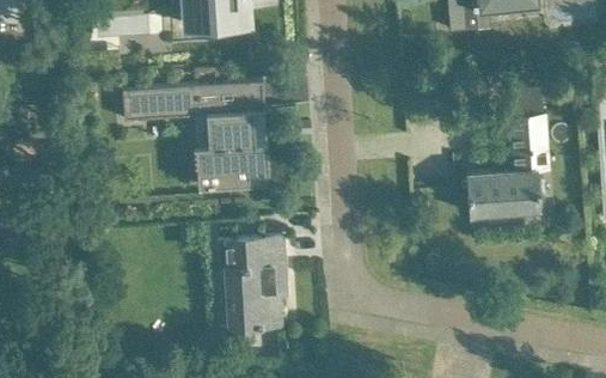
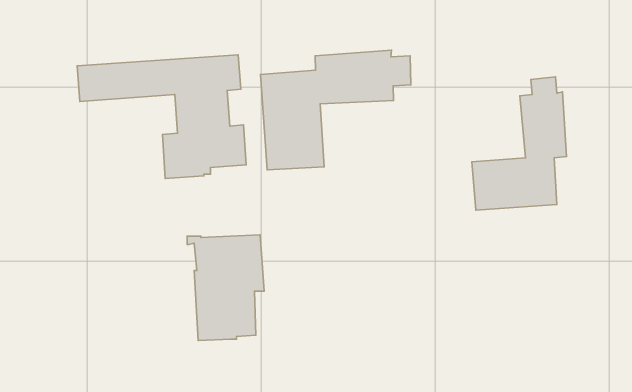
building: none -> [261,50,411,170]

